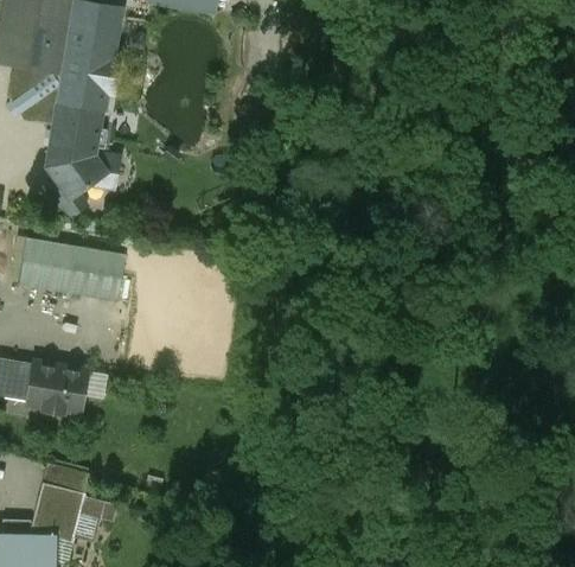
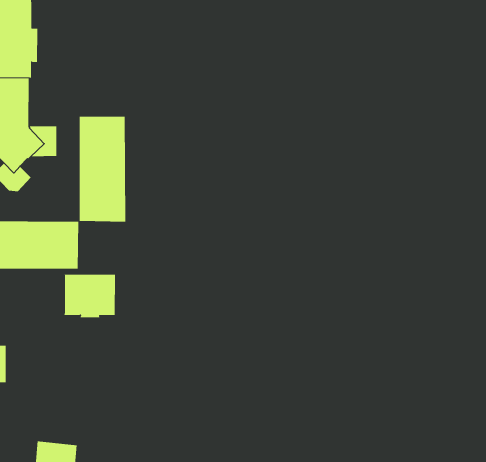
building: none -> [79,116,126,223]
building: [28,363,87,412] -> [63,274,116,318]

